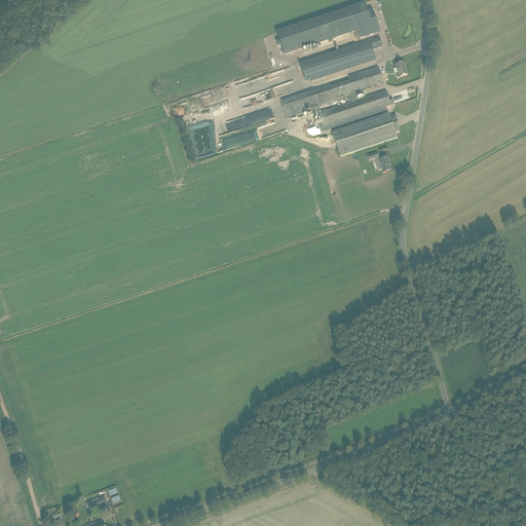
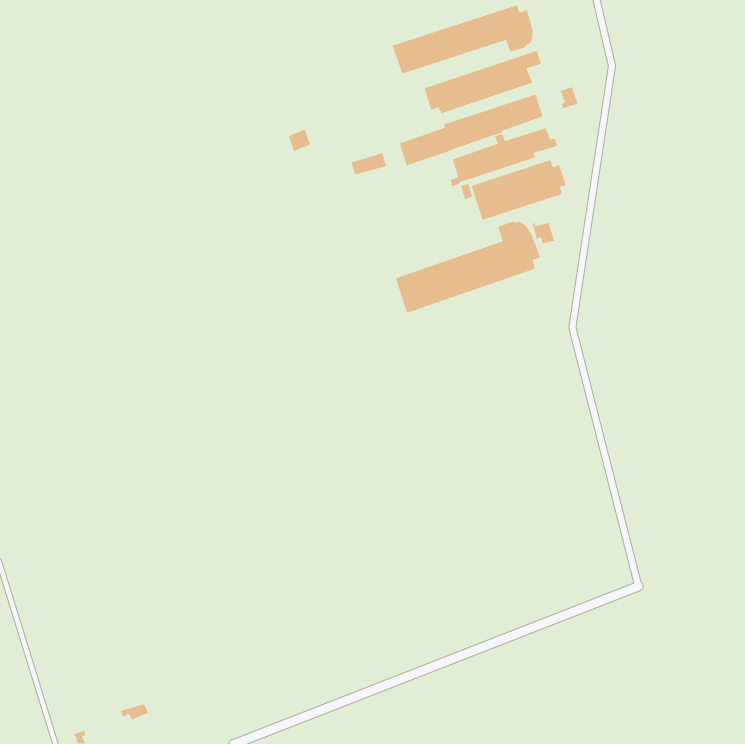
building: none -> [395,221,541,314]

